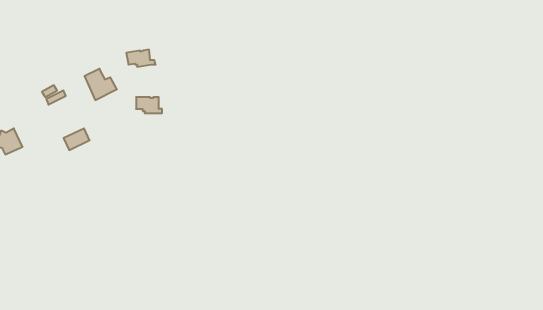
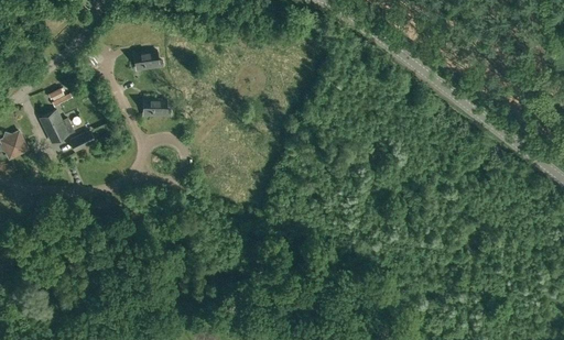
building: [84,69,117,100] -> [41,111,74,143]

